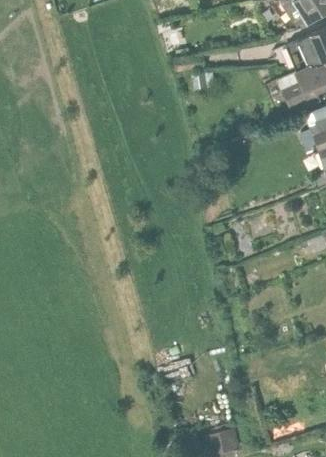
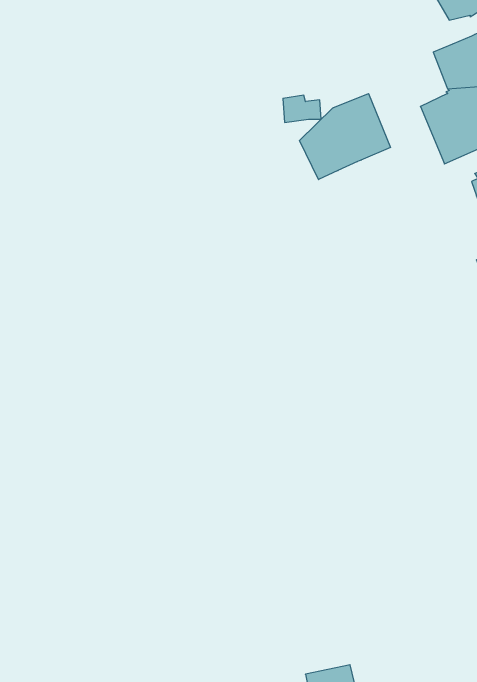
building: none -> [300,94,391,180]

